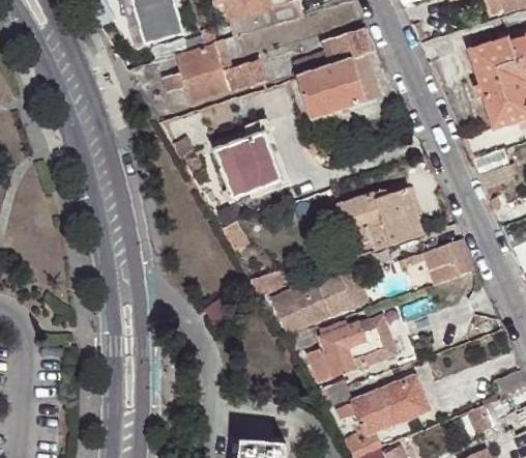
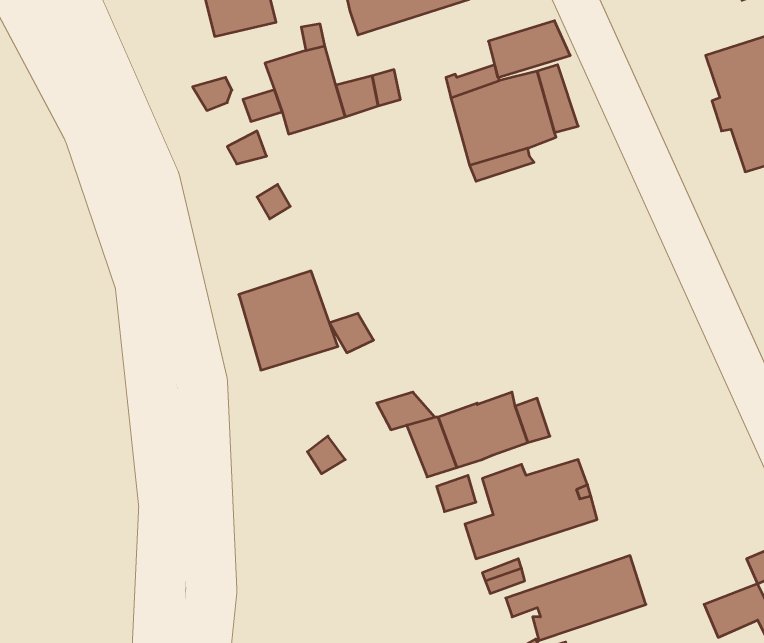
building: [218,134,284,199] -> [239,271,338,370]
building: [337,185,425,256] -> none
building: [425,239,476,285] -> none

